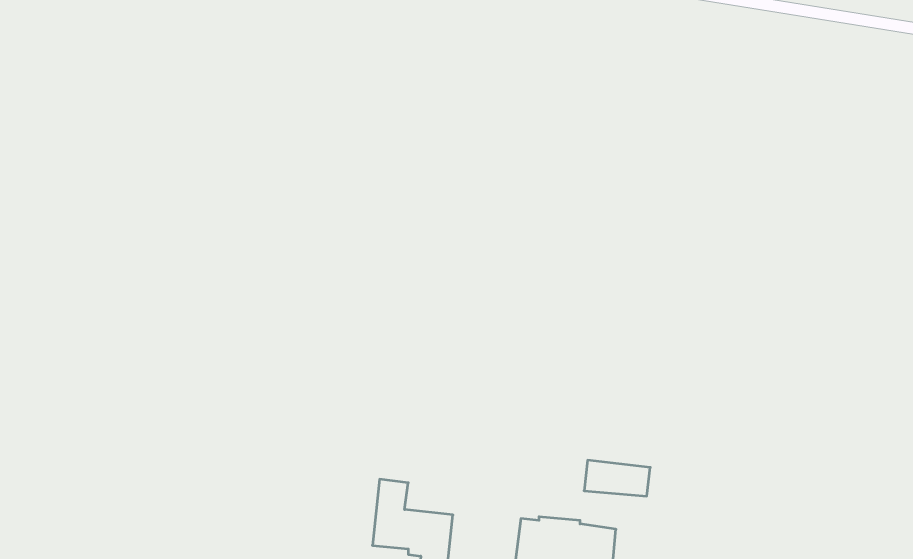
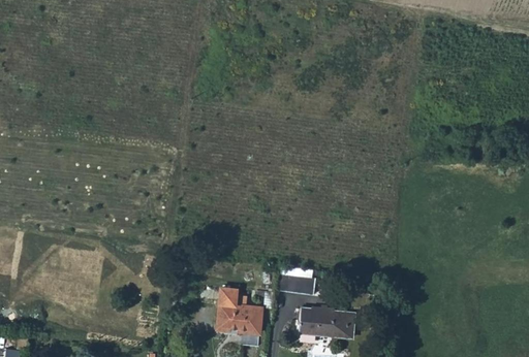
building: [584,460,650,496] -> [278,272,316,293]

